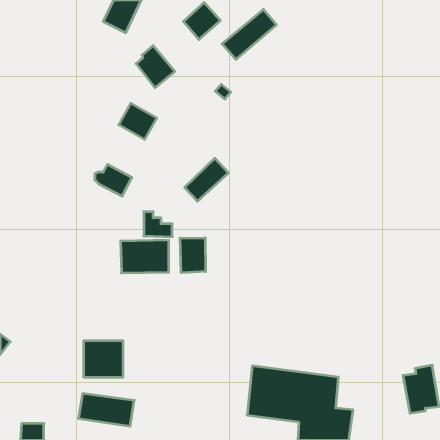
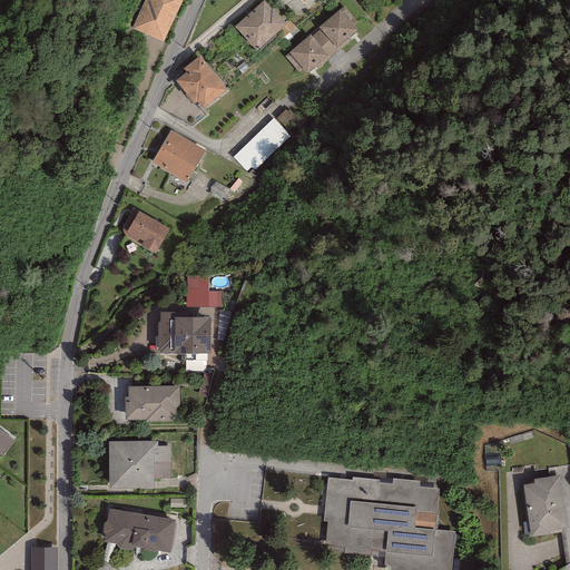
building: [185,158,228,201] -> [233,119,289,175]
building: [180,238,206,273] -> none
building: none -> [127,382,180,419]

